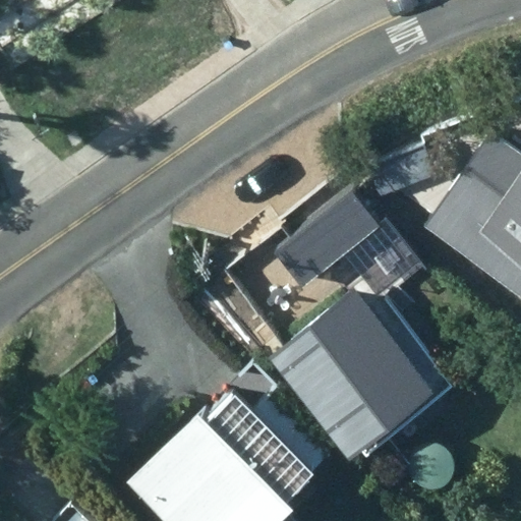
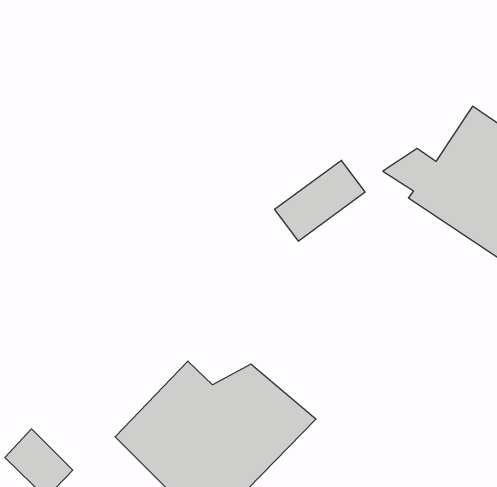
building: [276,279,438,444] -> none

